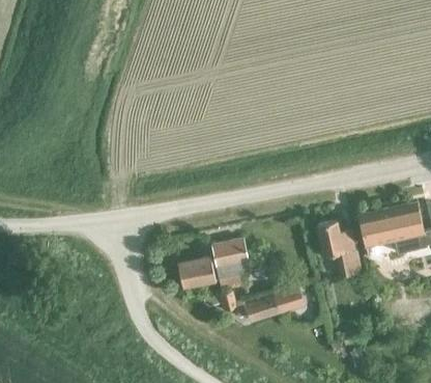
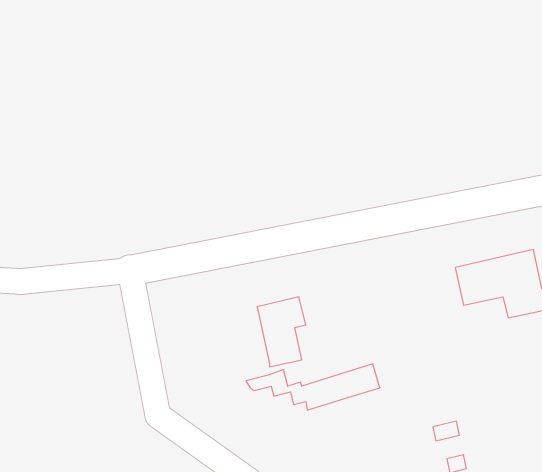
building: [317,221,361,276] -> none
building: [178,256,216,288] -> none

